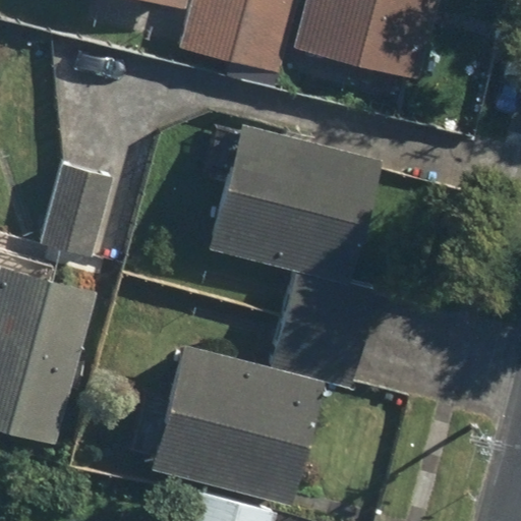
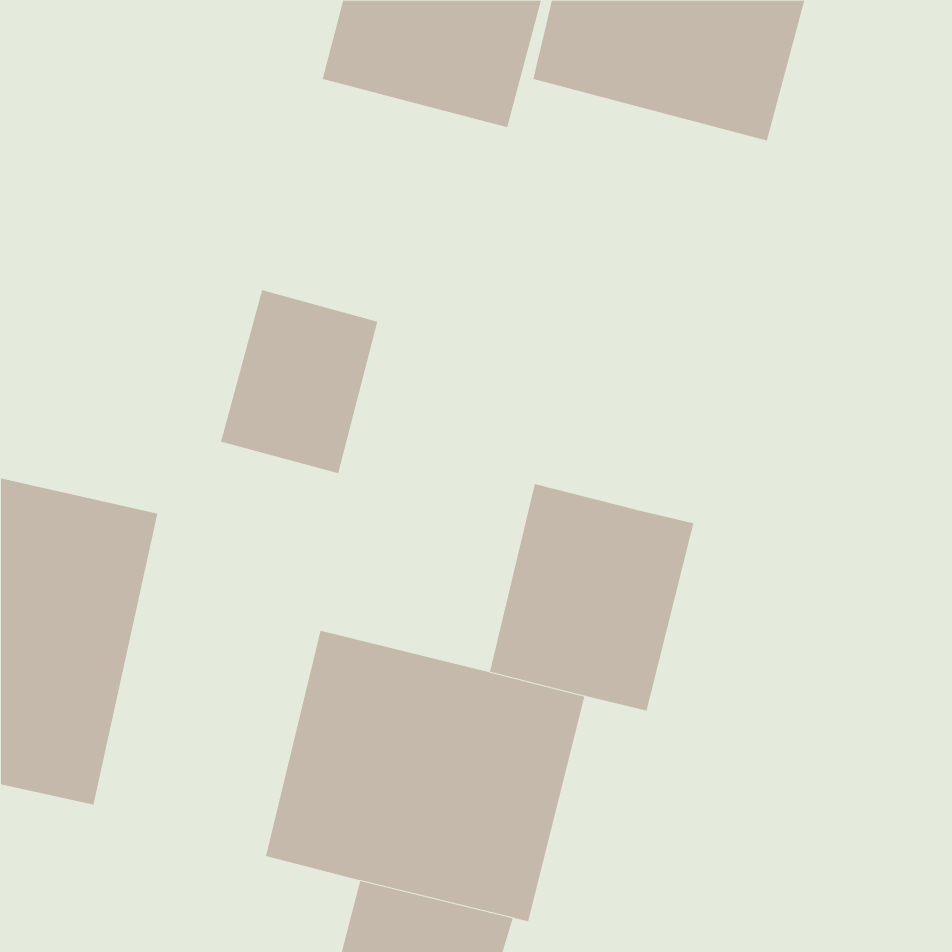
building: [201,123,380,281] -> none
building: [39,161,124,260] -> [220,290,378,474]

